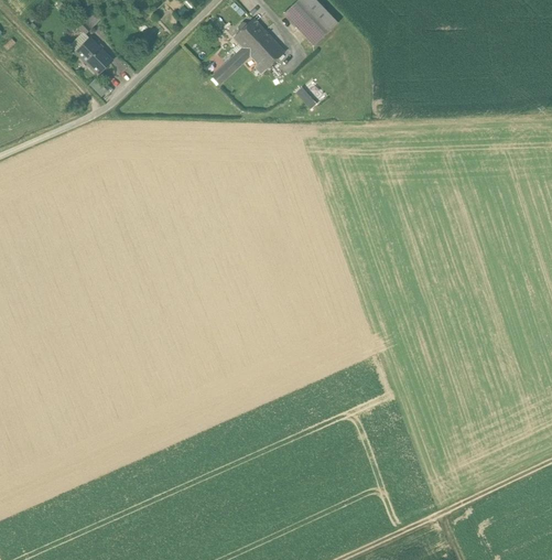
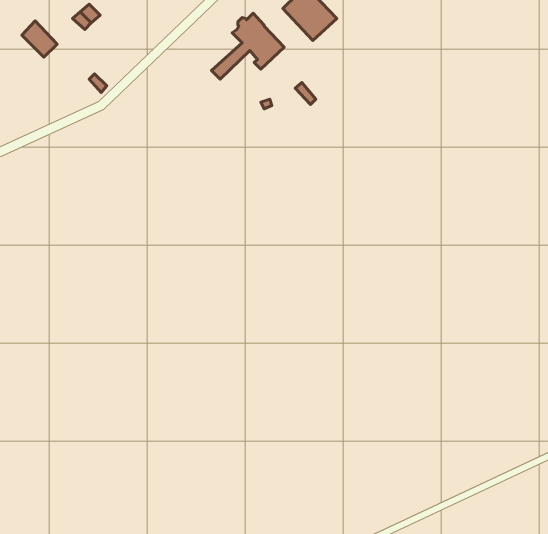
building: [76,36,111,73] -> [22,21,57,57]

